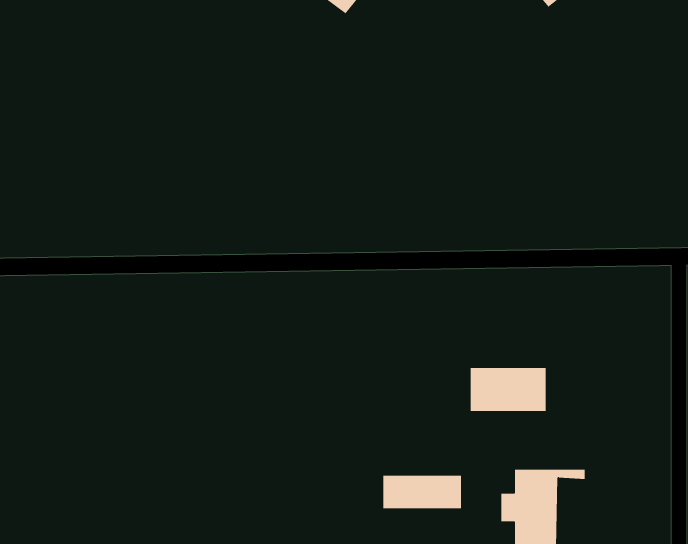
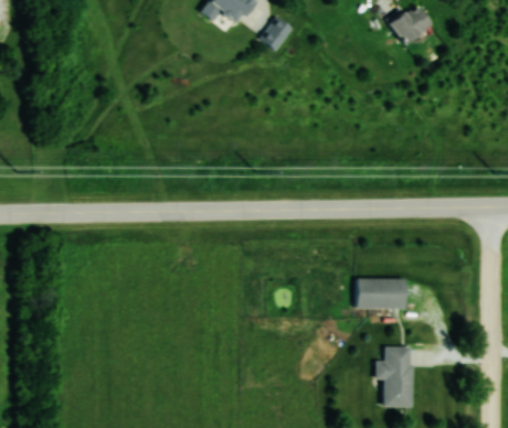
building: [383,475,462,509] -> none

